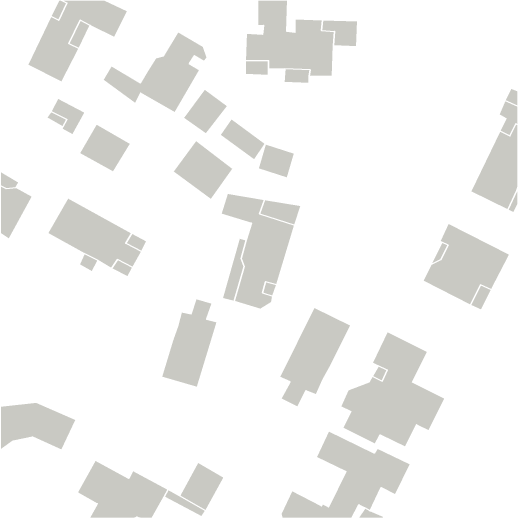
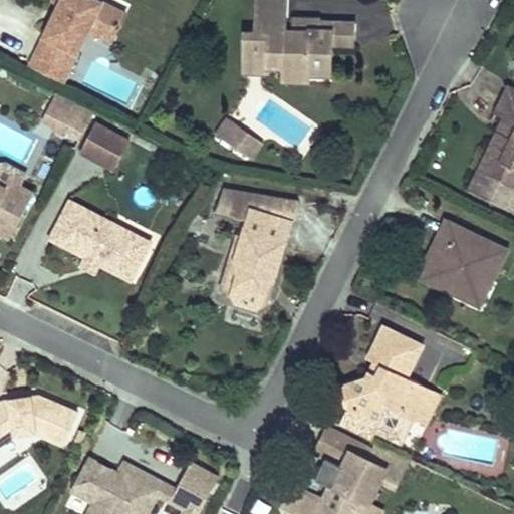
building: [103,31,207,113] -> none
building: [183,89,228,134] -> none
building: [173,140,233,200] -> none
building: [258,144,295,178] -> none
building: [162,298,217,387] -> none
building: [279,307,351,407] -> none

